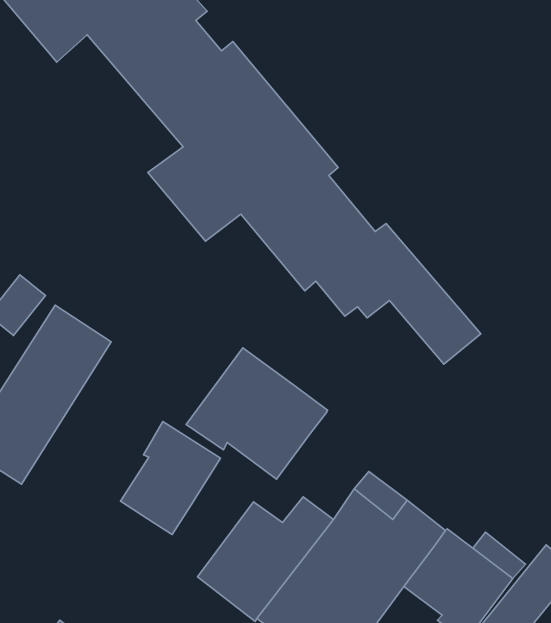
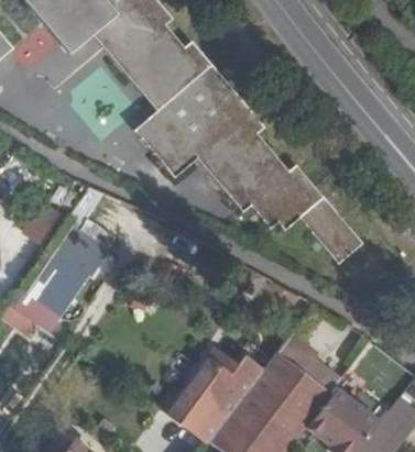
building: [186,348,328,479] -> none
building: [120,422,221,534] -> none

